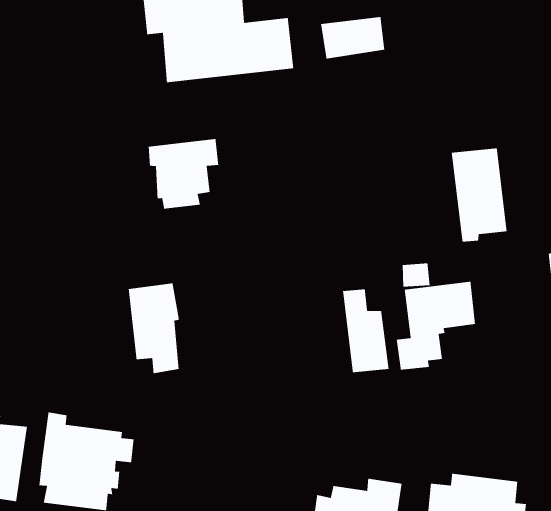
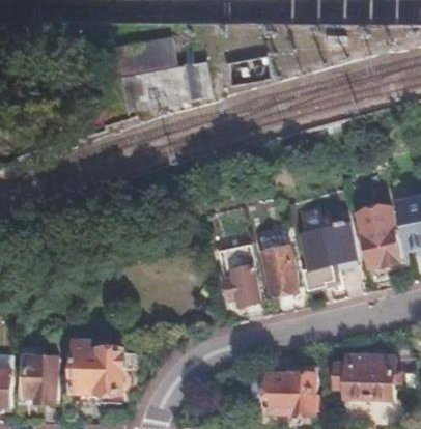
building: [148,138,219,209] -> none
building: [451,148,508,242] -> [358,206,401,273]
building: [128,282,180,374] -> [219,246,259,309]

